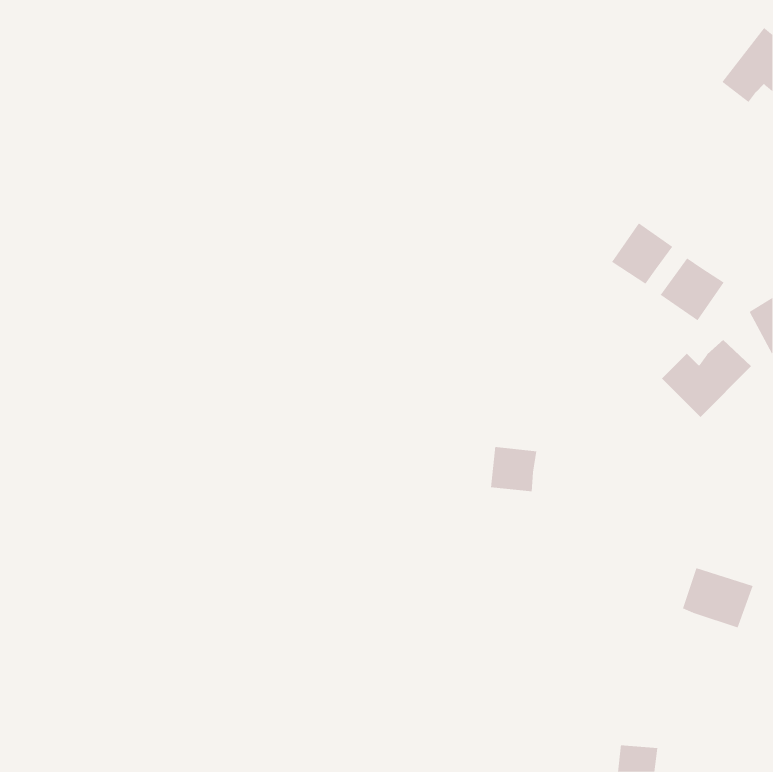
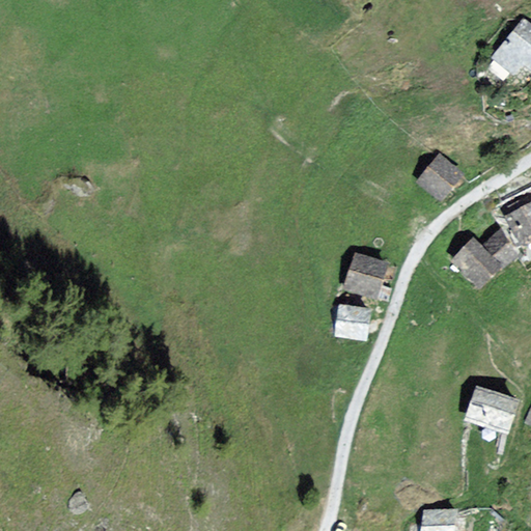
building: [660,258,724,321] -> none
building: none -> [345,253,385,295]

